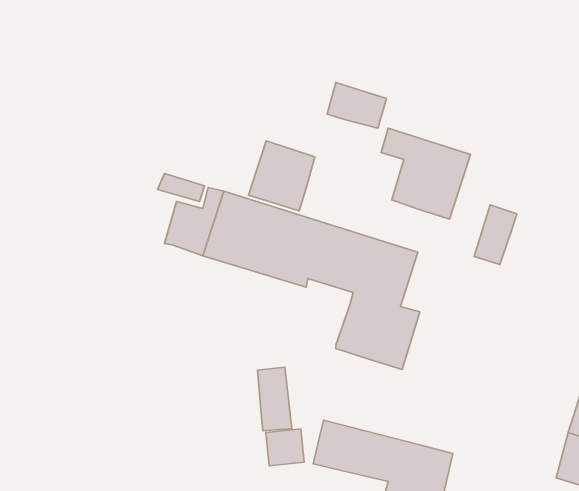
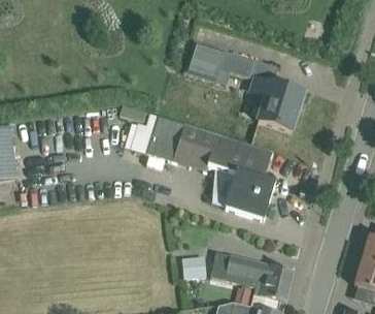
building: [249,141,315,211] -> [184,41,224,83]
building: [474,205,517,265] -> none
building: [258,367,292,431] -> none

